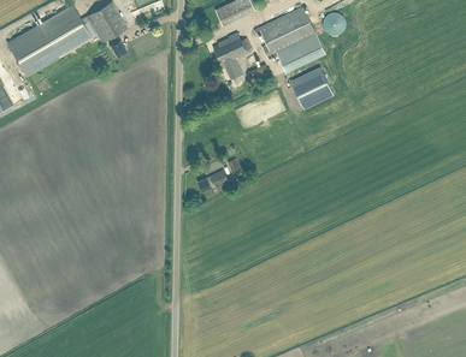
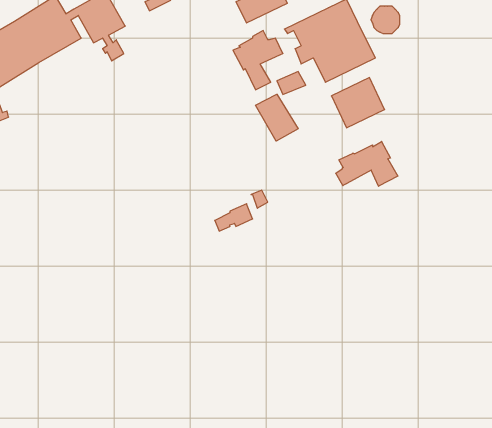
building: none -> [256,94,298,141]
building: none -> [336,141,398,186]

